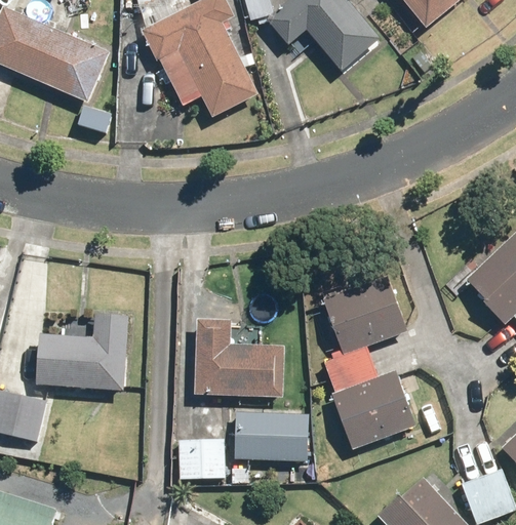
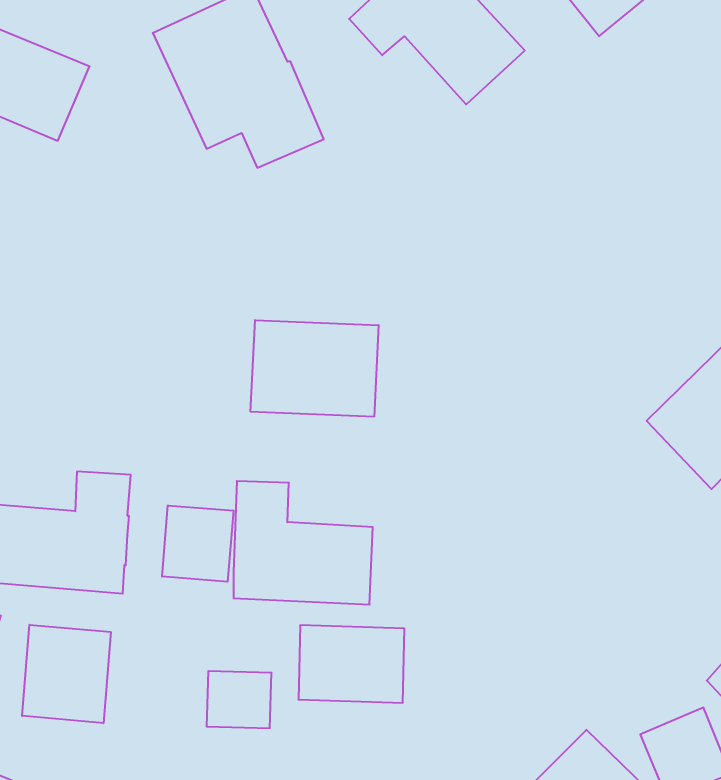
building: none -> [251,320,379,417]
building: [320,276,414,447] -> none
building: none -> [162,505,233,582]
building: none -> [22,625,111,723]

